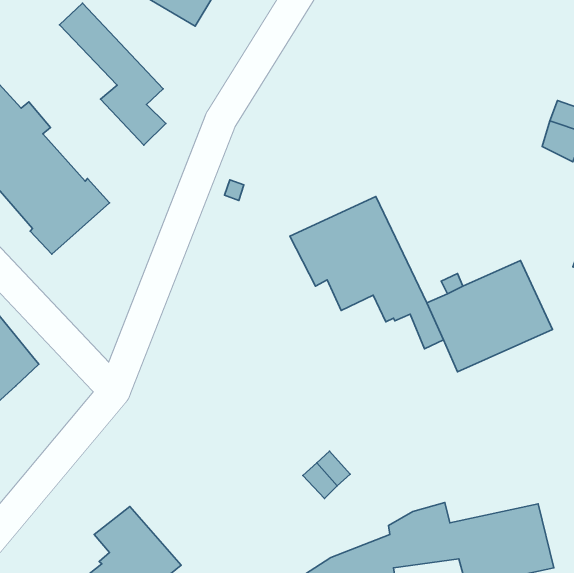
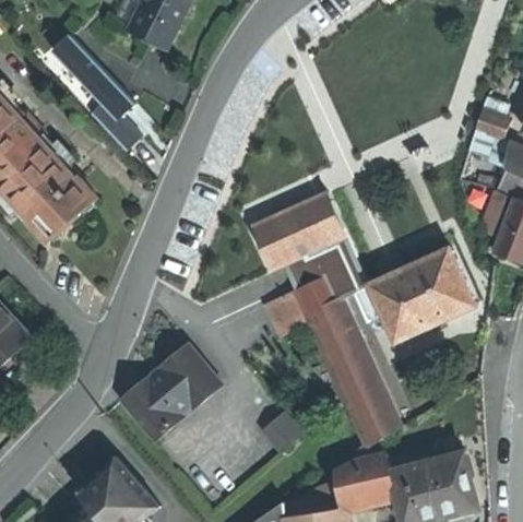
building: none -> [264,277,397,449]
building: none -> [121,344,222,439]

